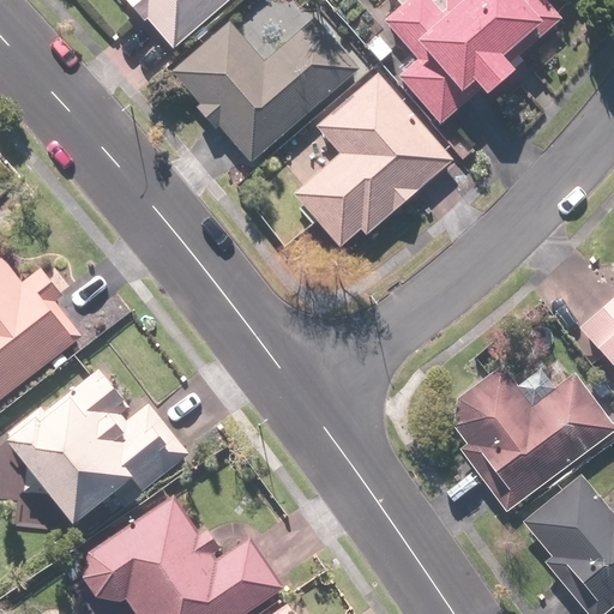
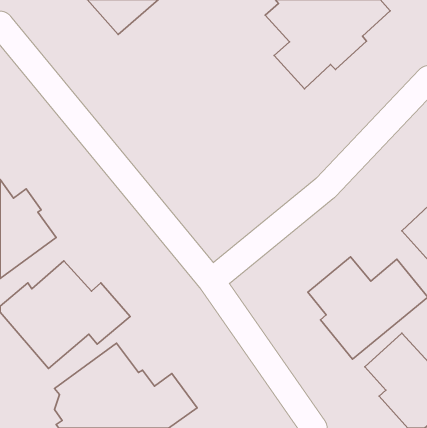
building: [174,18,360,161] -> none
building: [294,74,451,246] -> none

